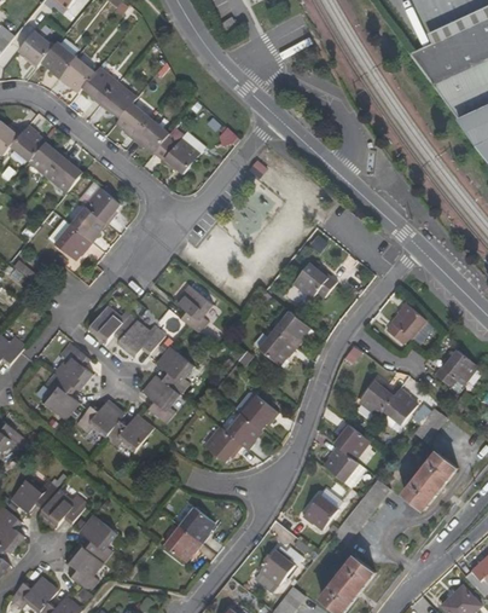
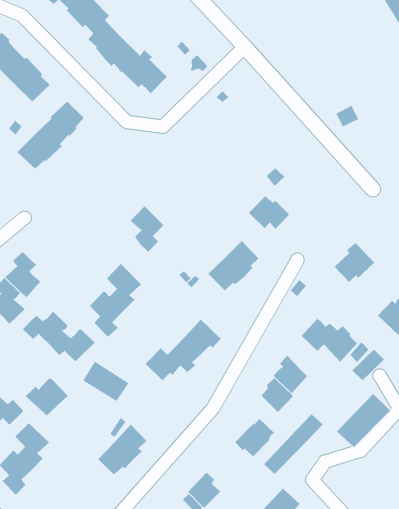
building: [89,306,164,357] -> none
building: none -> [82,361,129,402]
building: none -> [25,378,68,416]

